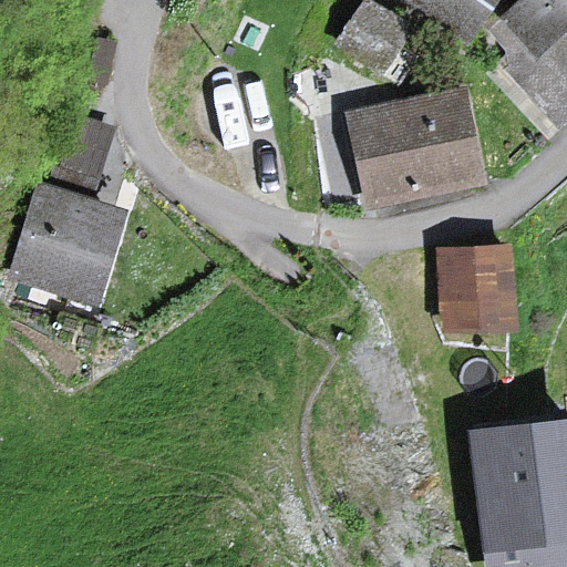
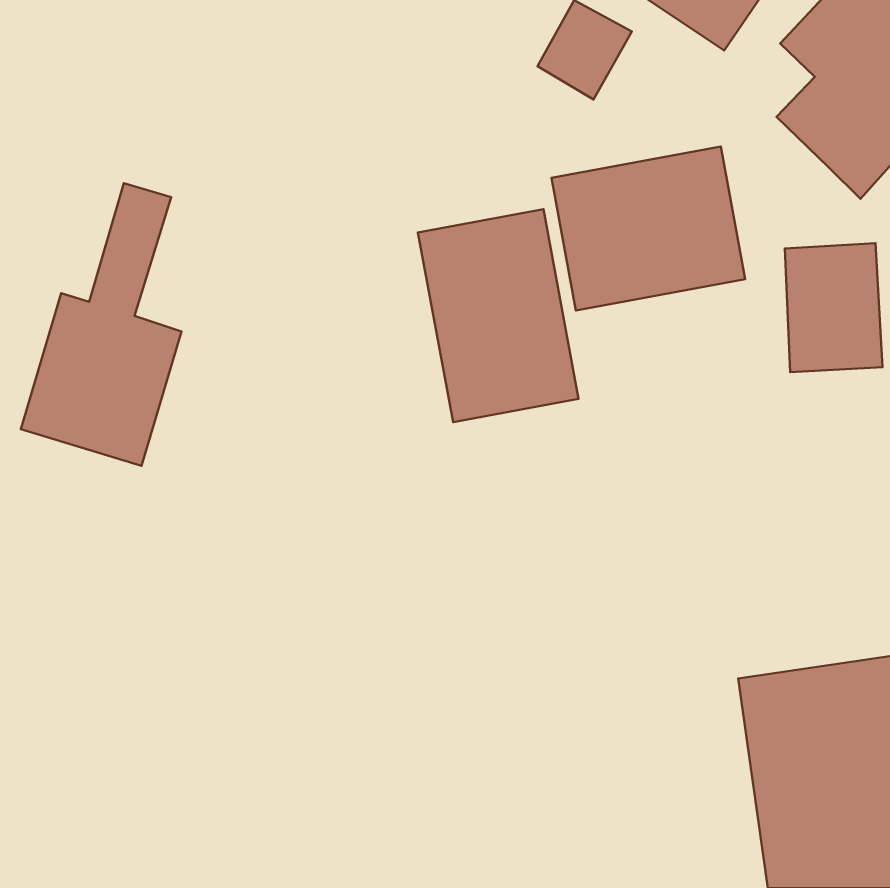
building: none -> [418,209,579,422]
building: [444,246,506,328] -> [785,243,883,372]

